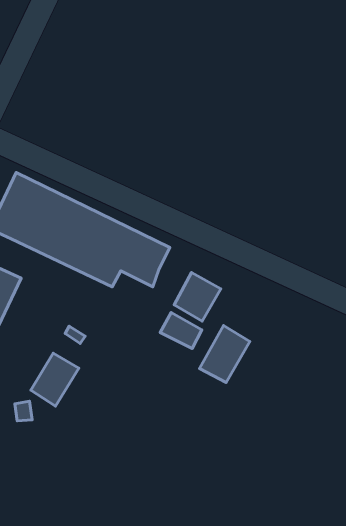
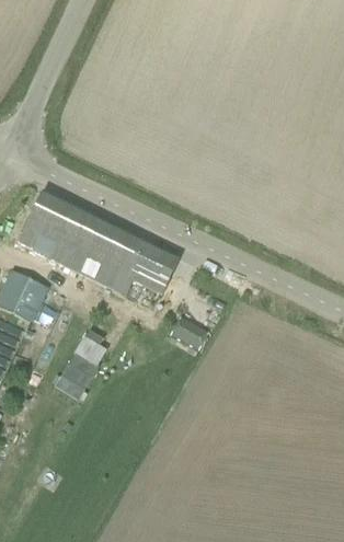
building: [174,273,221,321] -> none
building: [200,326,250,382] -> none

